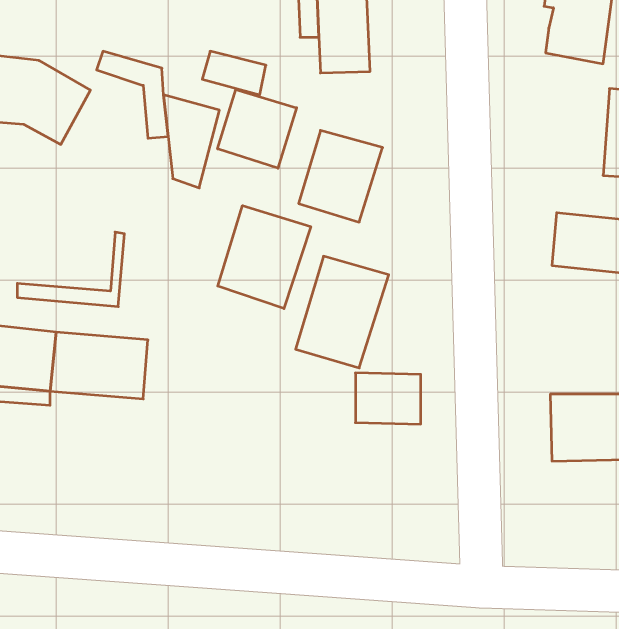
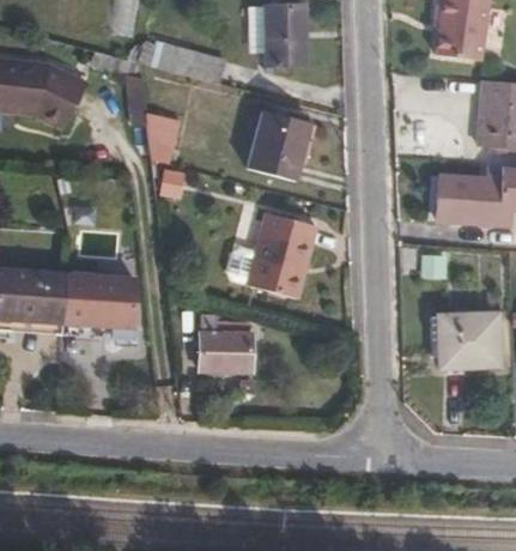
building: [218,90,297,168] -> none
building: [218,206,311,309] -> none
building: [17,232,124,307] -> [55,274,138,332]
building: [355,373,421,424] -> [198,327,248,367]

